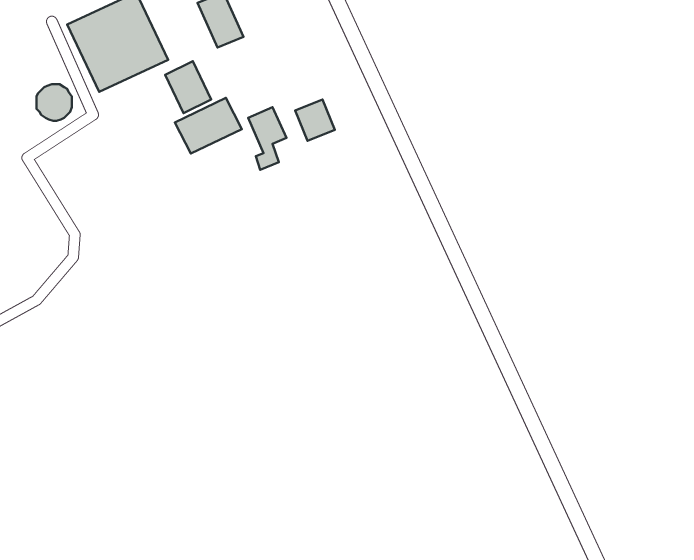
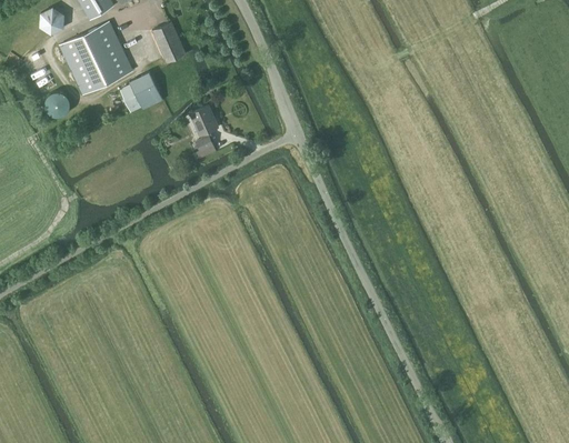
building: [175,98,242,153] -> none
building: [295,99,335,141] -> none

